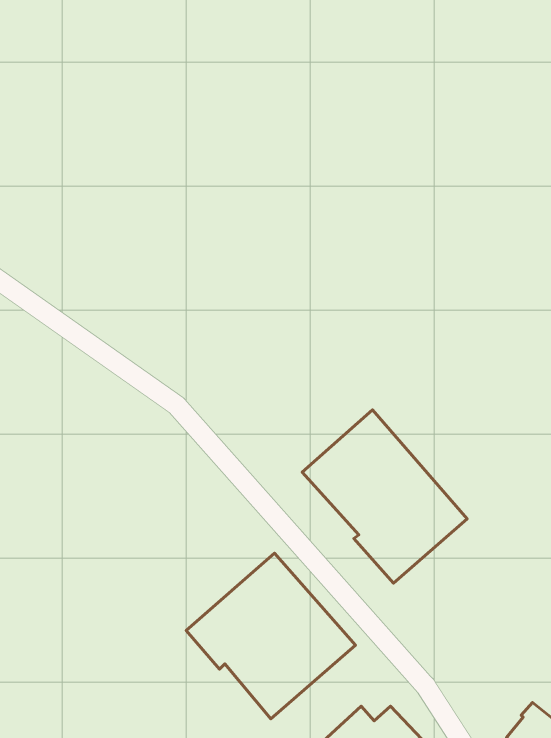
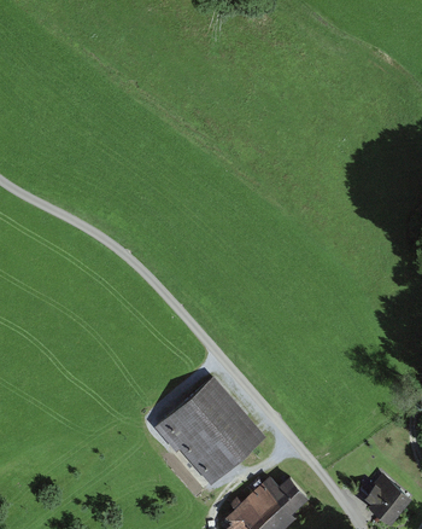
building: [302,410,467,583] -> none

